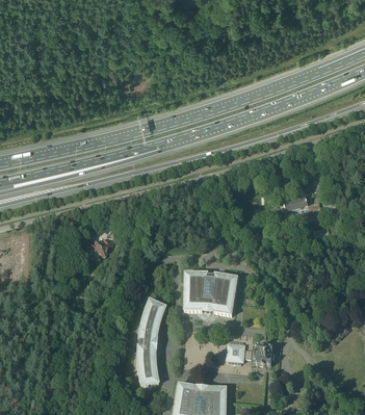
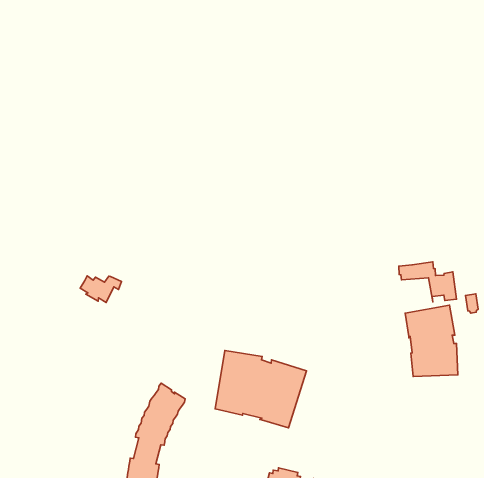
building: none -> [405,305,458,376]

